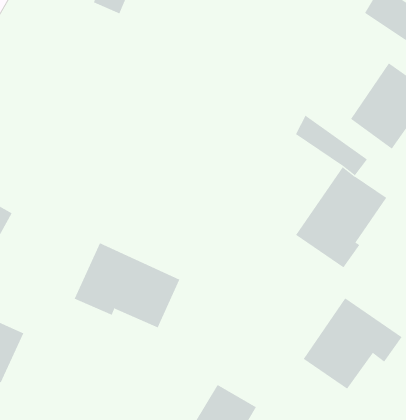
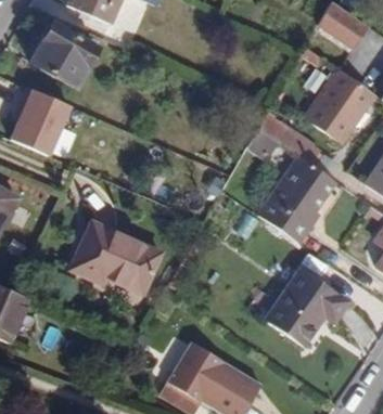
building: none -> [29,21,97,87]
building: none -> [14,88,80,158]

